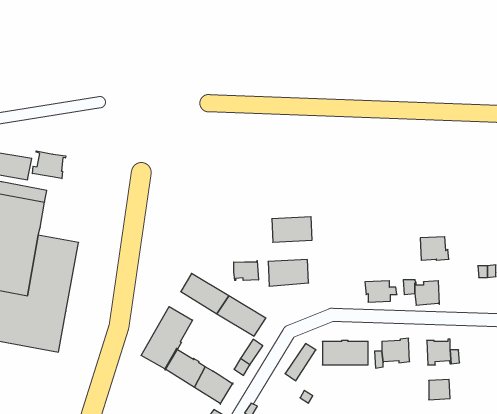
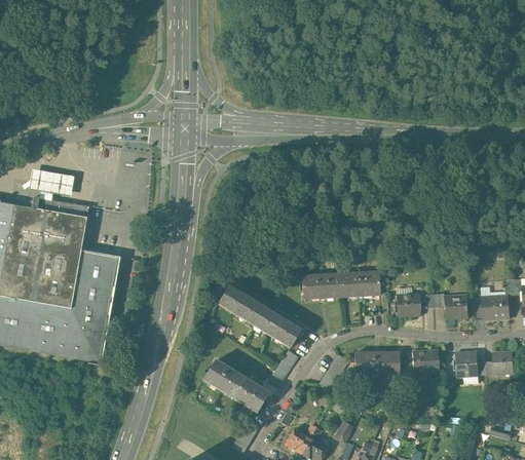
building: [32,151,66,179] -> none
building: [272,217,312,242] -> [340,271,379,296]
building: [420,237,449,260] -> [482,295,510,317]
building: [234,261,258,280] -> none
building: [141,307,193,369] -> none
building: [429,379,450,400] -> [493,352,514,372]

